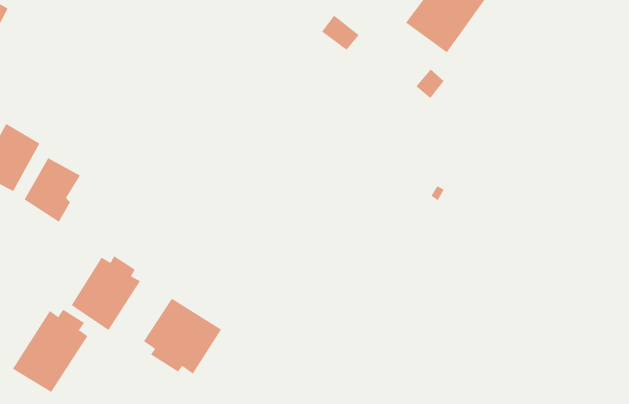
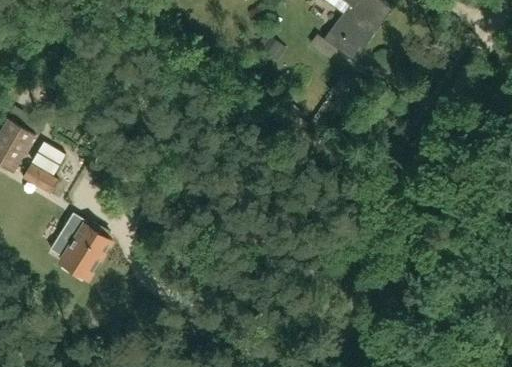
building: [143,298,222,374] -> none
building: [12,309,88,393] -> none

